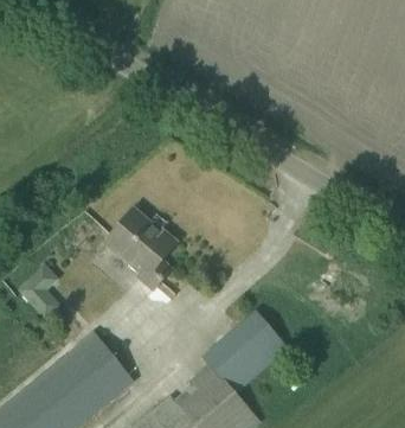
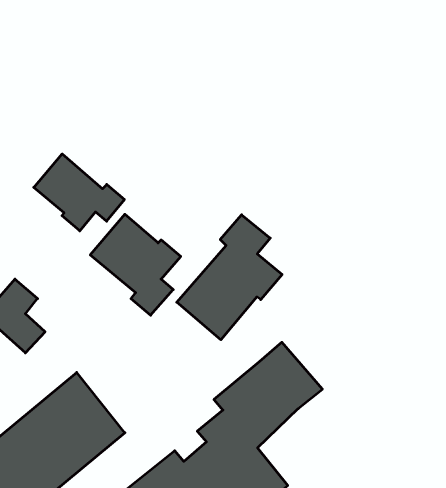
building: none -> [34,154,124,231]
building: none -> [177,215,282,340]

